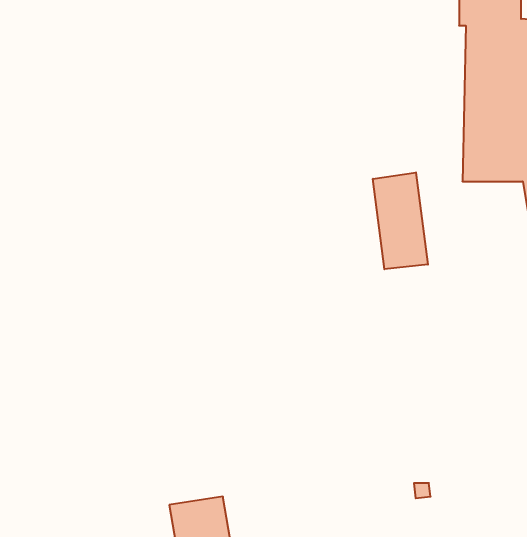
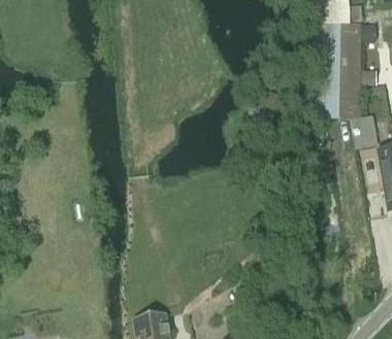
building: [373,172,428,269] -> none

